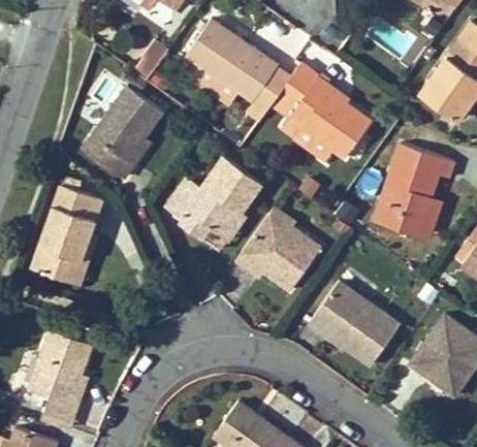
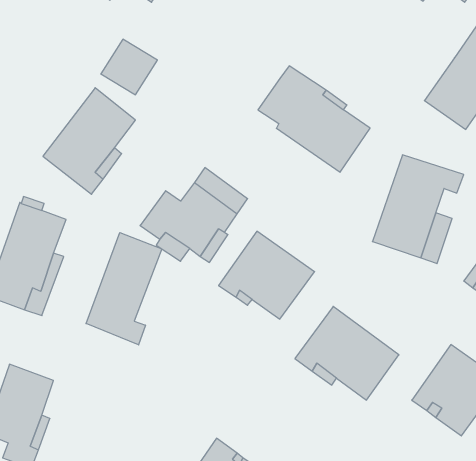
building: [186,20,291,110] -> none
building: none -> [86,233,162,345]

